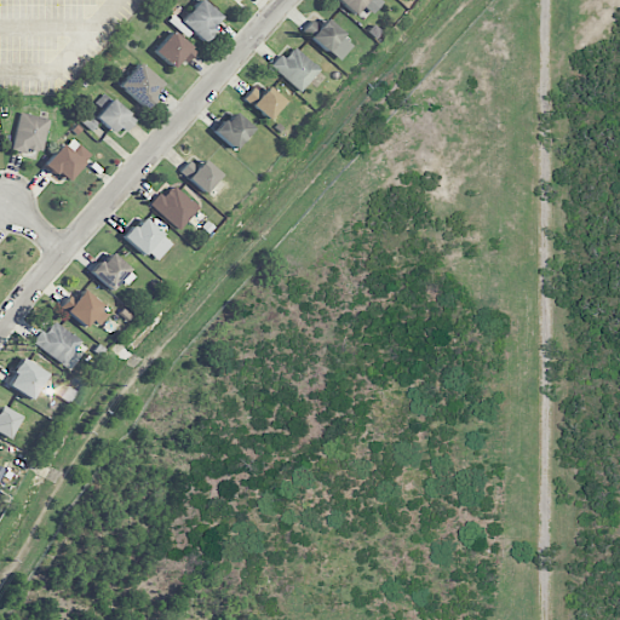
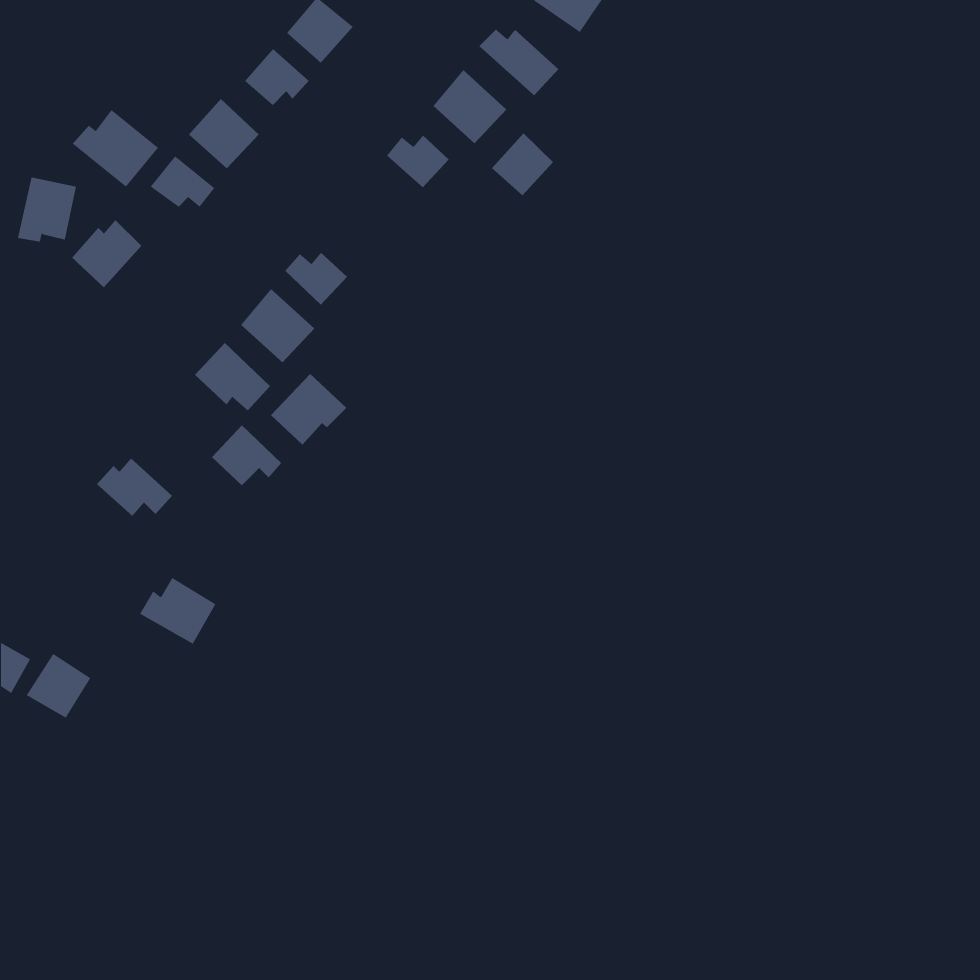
building: none -> [72,109,159,187]
building: none -> [491,132,554,196]
building: [214,110,254,149] -> none
building: none -> [270,373,347,446]
building: [91,251,136,289] -> [211,425,282,486]
building: [33,321,81,363] -> [139,577,216,644]
building: [6,357,47,398] -> [26,653,91,718]

